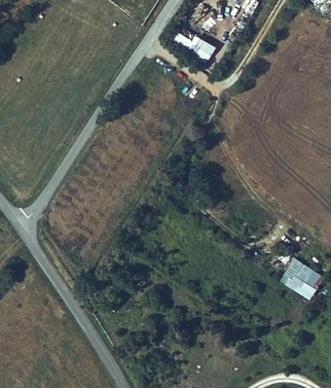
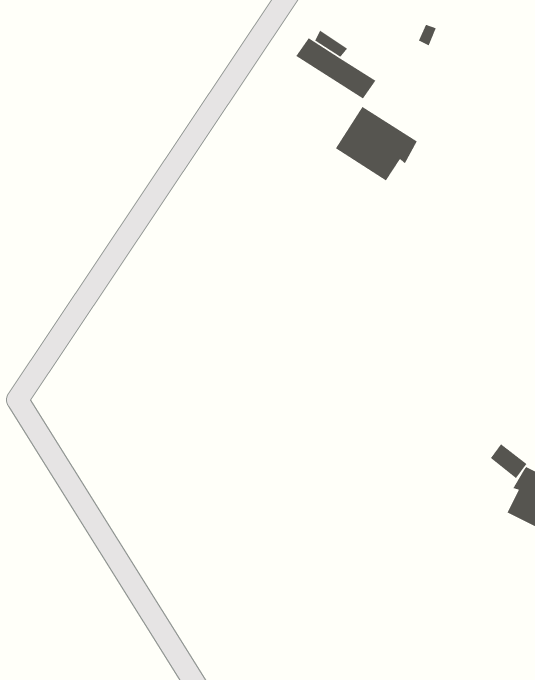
building: none -> [335,106,418,182]

